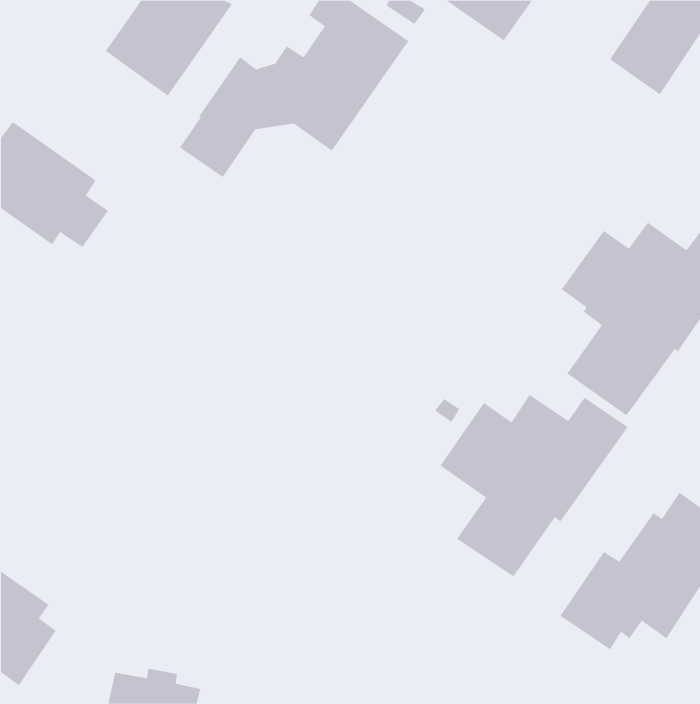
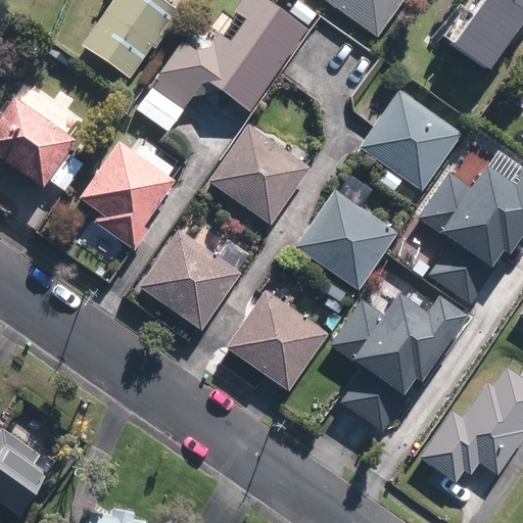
building: none -> [358,89,463,192]
building: none -> [207,123,312,226]
building: none -> [78,135,175,244]
building: none -> [294,188,398,290]
building: none -> [137,228,241,331]
building: none -> [225,289,328,391]

